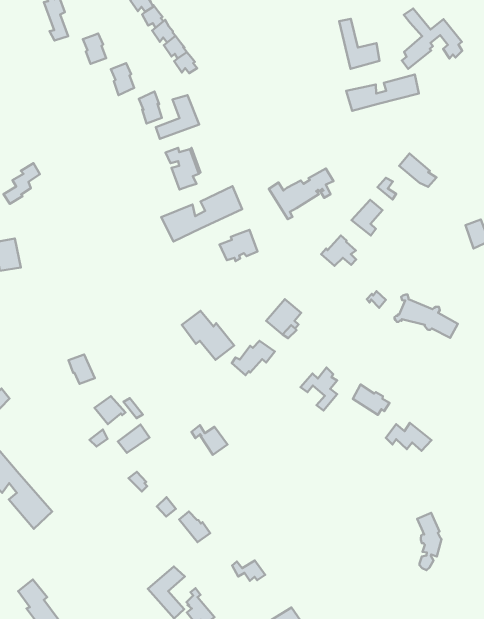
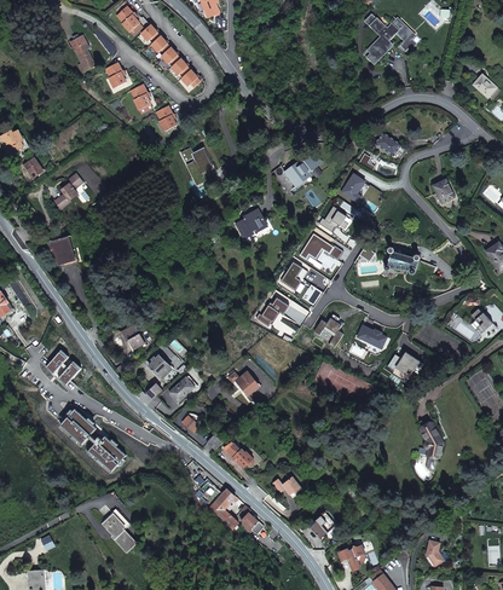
building: [339,19,380,69] -> none
building: [346,75,419,111] -> none
building: [156,95,199,139] -> none
building: [161,186,242,241] -> none
building: none -> [299,235,342,261]
building: [182,311,234,360] -> none

